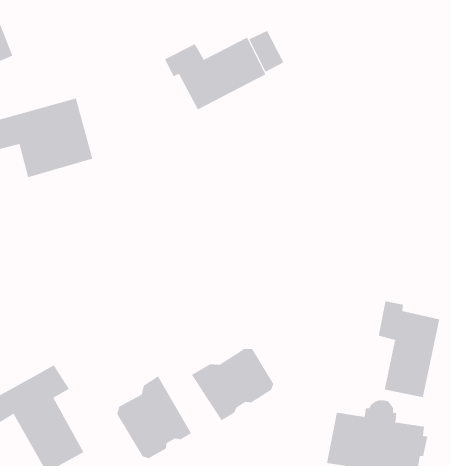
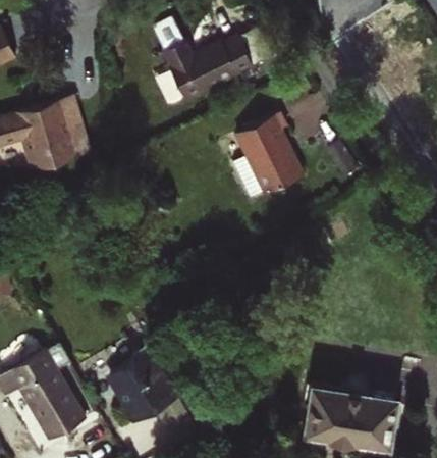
building: none -> [235,115,304,197]
building: [378,301,440,398] -> none
building: [191,348,274,421] -> none

